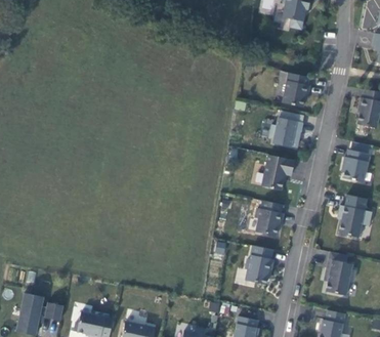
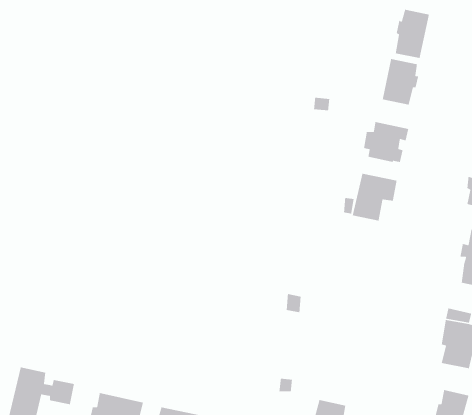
building: none -> [395,9,430,59]
building: [255,201,283,237] -> none
building: [245,246,273,285] -> none

